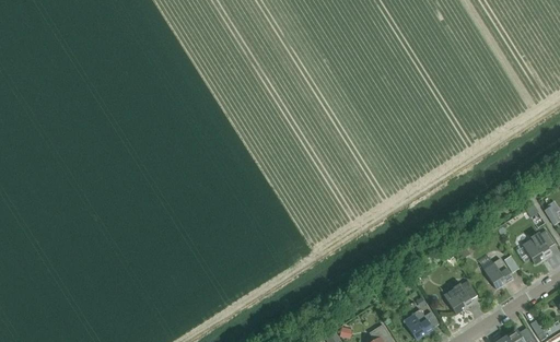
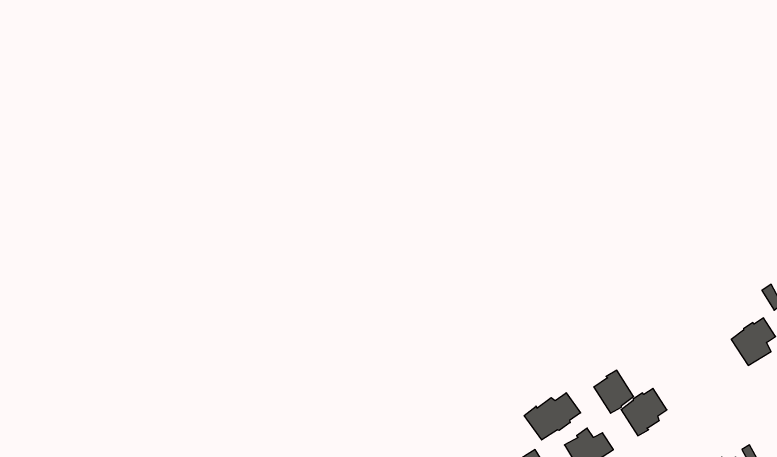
building: [483,258,512,288] -> [594,370,634,413]
building: none -> [524,393,581,440]

